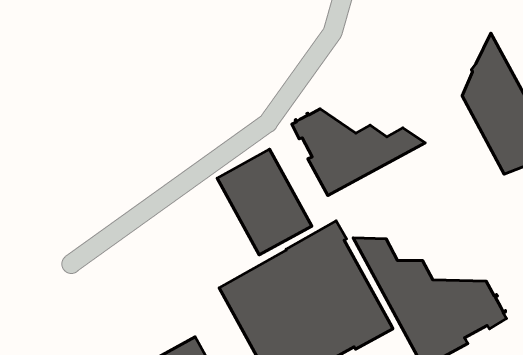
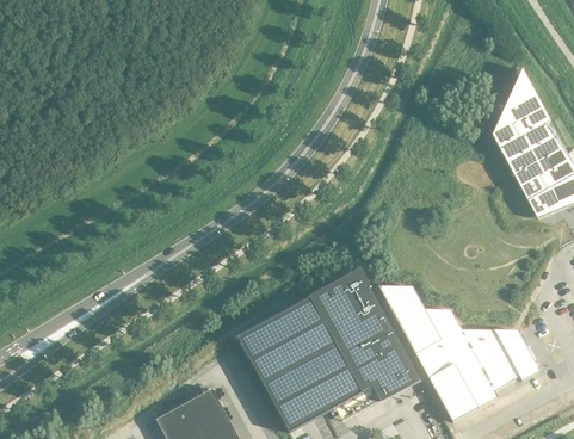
building: [292,109,425,196] -> none
building: [217,149,312,255] -> none

